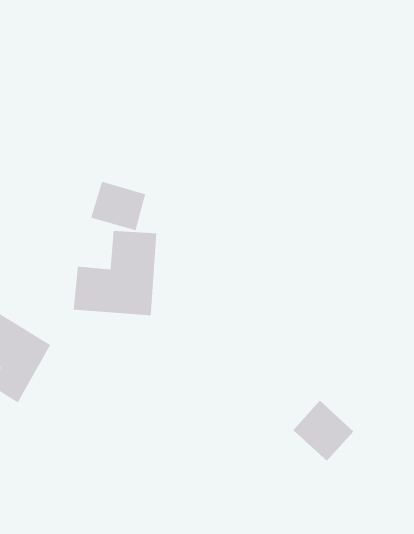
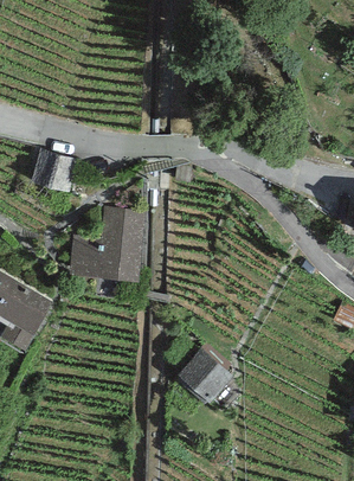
building: [90,181,146,231] -> [30,149,76,191]
building: [292,400,354,462] -> [178,348,229,399]

